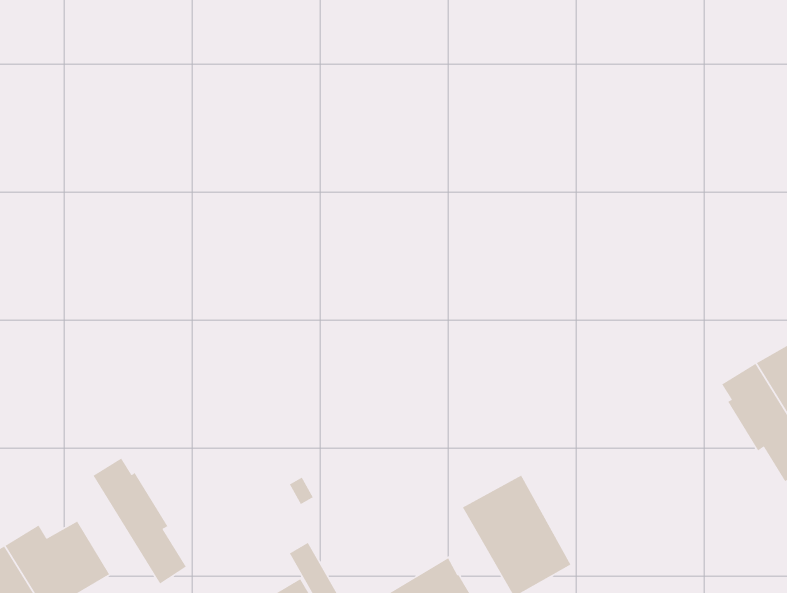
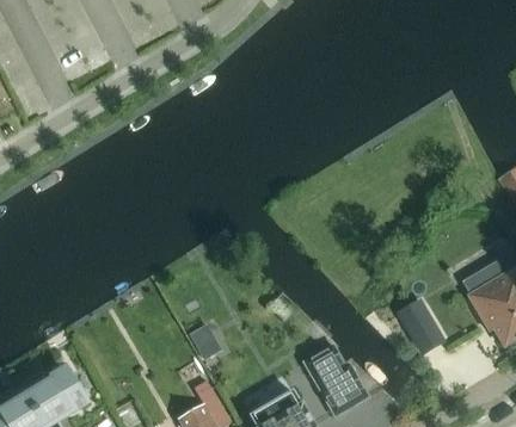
building: none -> [397,297,438,346]
building: [92,457,187,585] -> none

